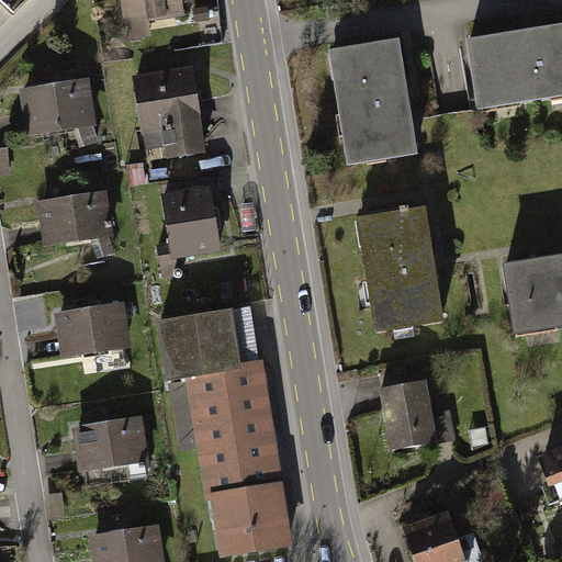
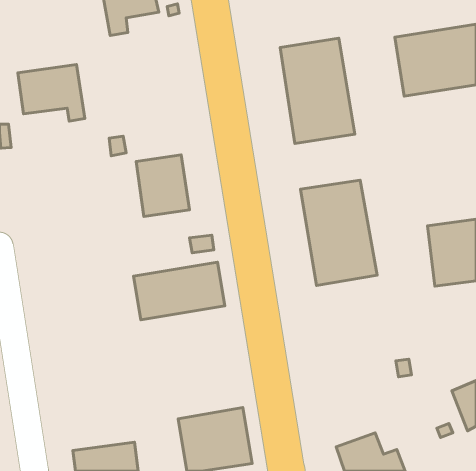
building: [134,63,207,153] -> none
building: [38,188,116,251] -> none
building: [58,299,136,364] -> none
building: [166,360,285,493] -> none
building: [372,378,450,448] -> none
building: [67,412,147,471] -> none

